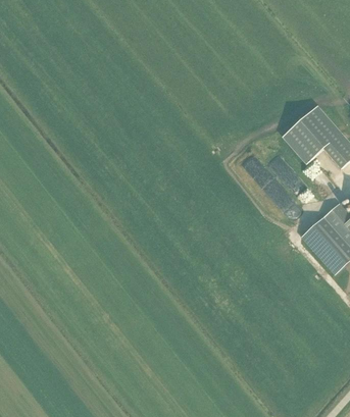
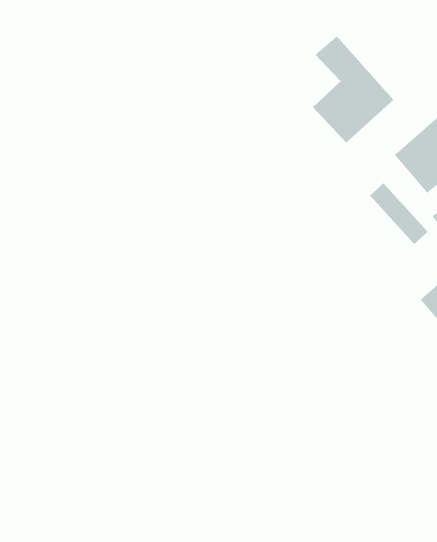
building: none -> [312,35,394,144]

